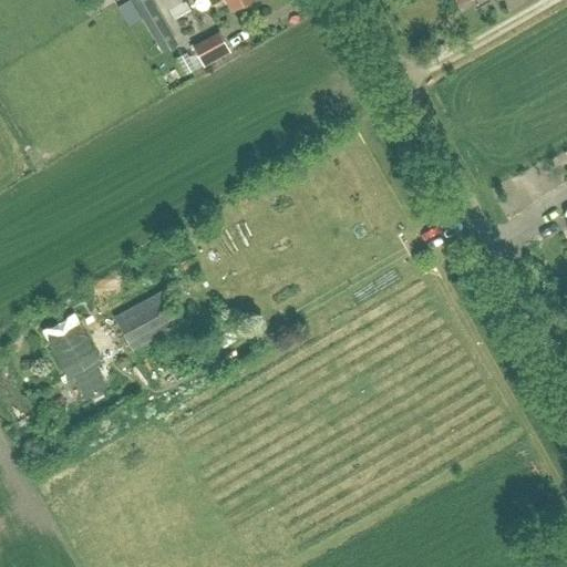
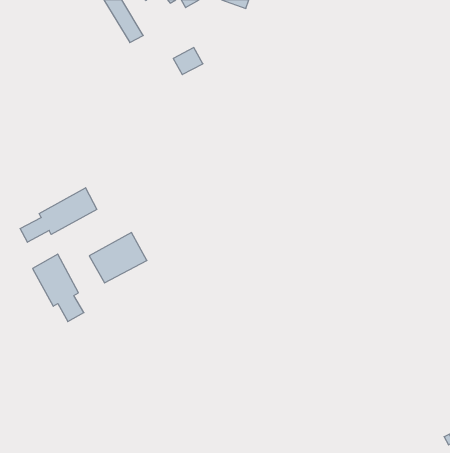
building: [194,34,230,68] -> [173,48,203,75]
building: none -> [20,188,97,242]

